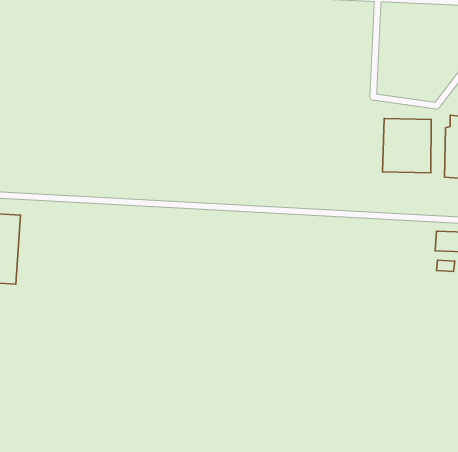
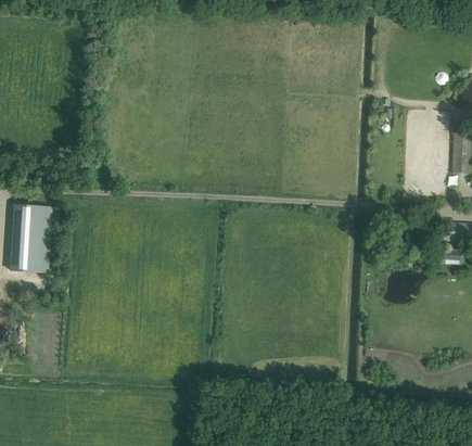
building: [382,119,431,173] -> none

